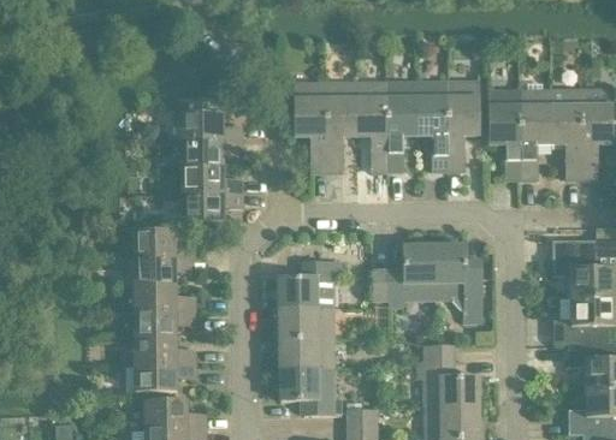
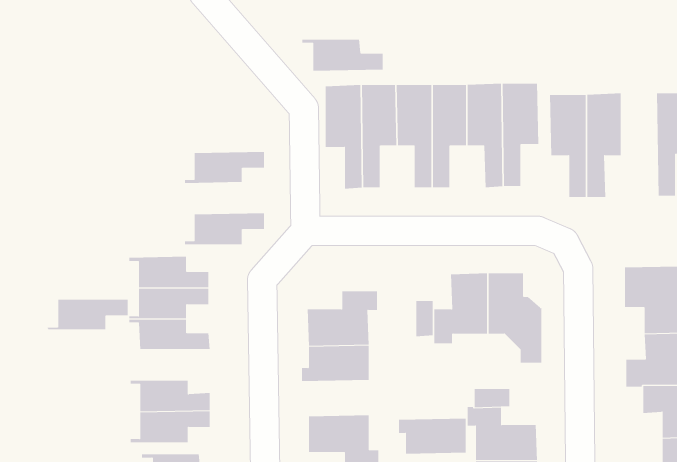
building: [551,89,582,178] -> none
building: [172,113,243,141] -> [301,39,384,71]
building: [173,166,243,194] -> none
building: [125,310,196,337] -> [46,299,128,330]
building: [274,337,333,368] -> [398,418,466,454]

